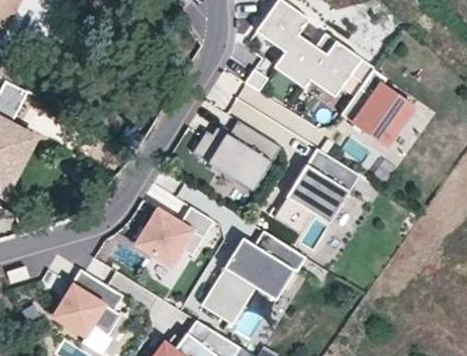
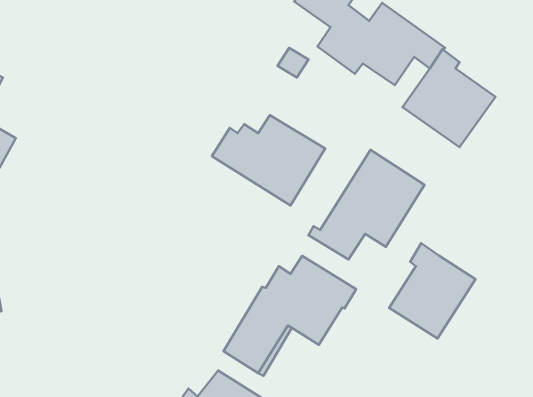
building: [135,207,213,266] -> none
building: none -> [389,243,476,338]
building: [53,268,122,336] -> none

